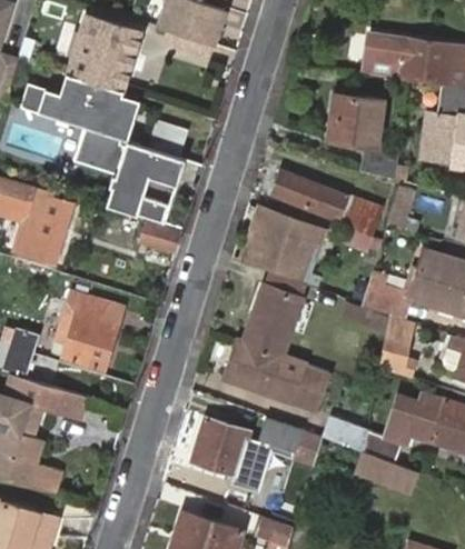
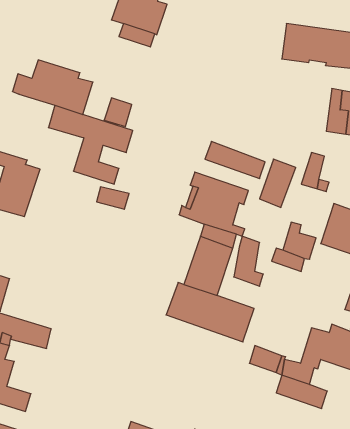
building: [67,13,142,91] -> none
building: [327,91,396,176] -> none
building: [55,291,122,368] -> none
building: [379,315,415,375] -> [234,236,263,286]
building: [190,420,265,492] -> none
building: [261,421,320,466] -> none

